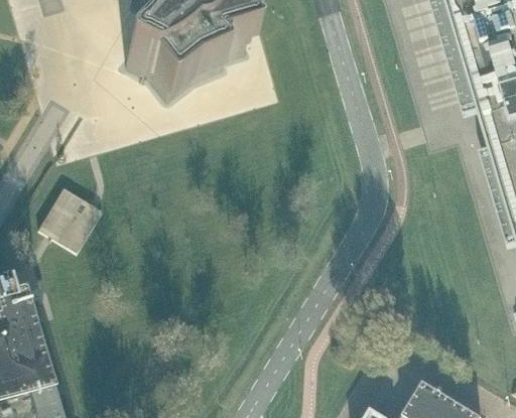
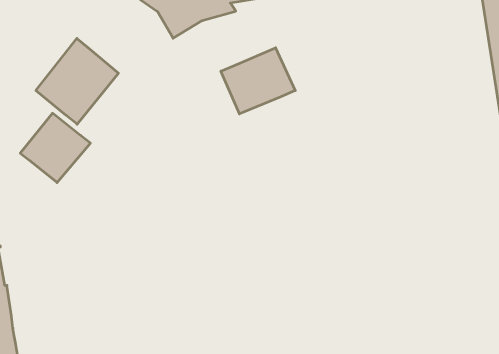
building: none -> [221,48,295,114]
building: none -> [36,38,118,124]

